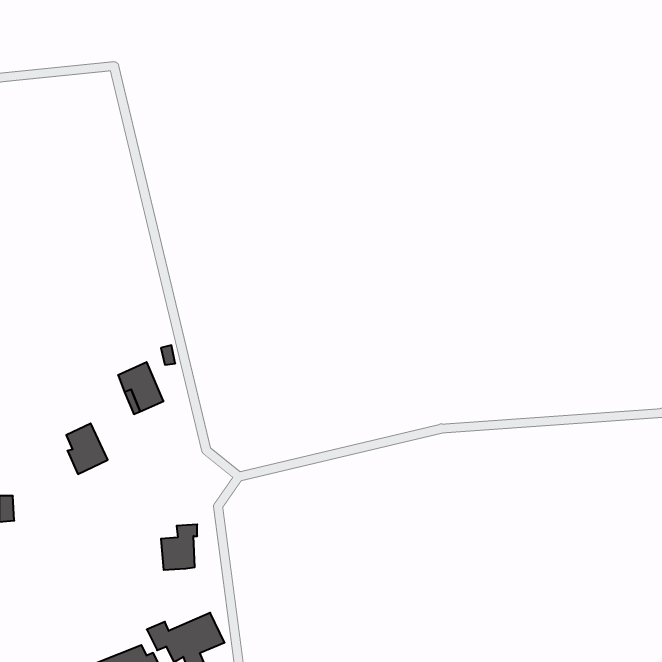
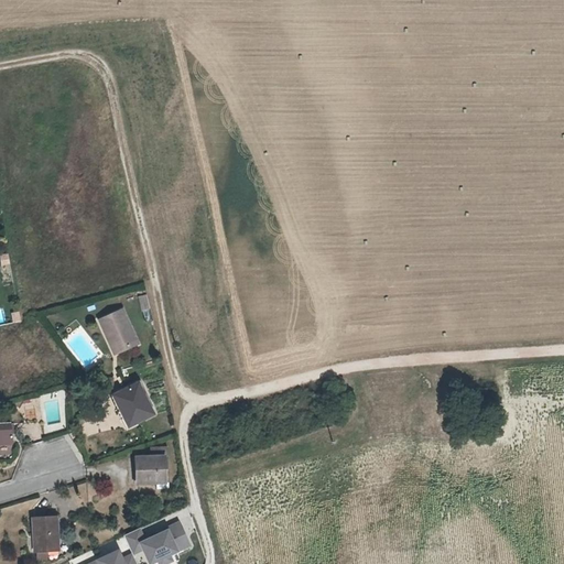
building: [66,423,108,474] -> [117,383,152,426]
building: none -> [32,518,56,553]

